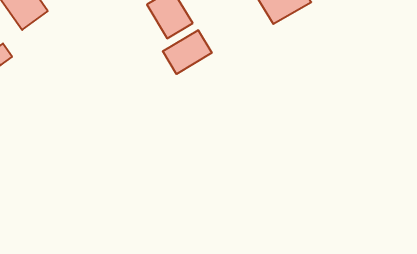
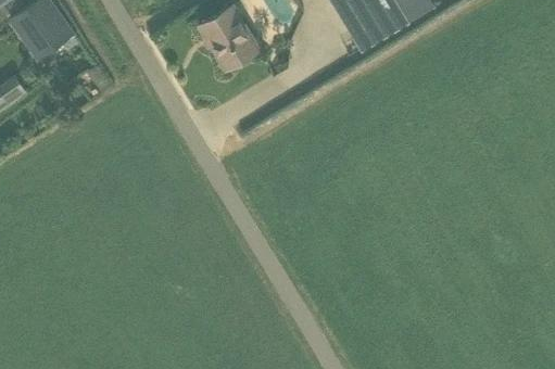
building: [163,30,212,74] -> none

